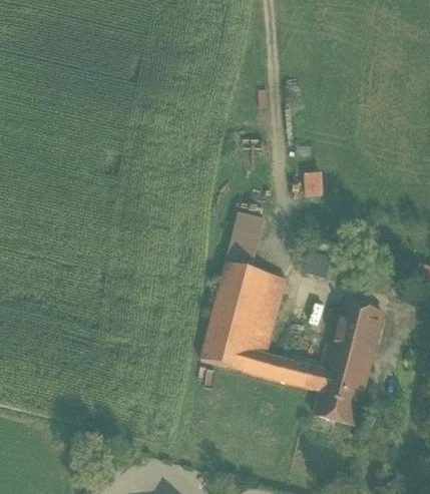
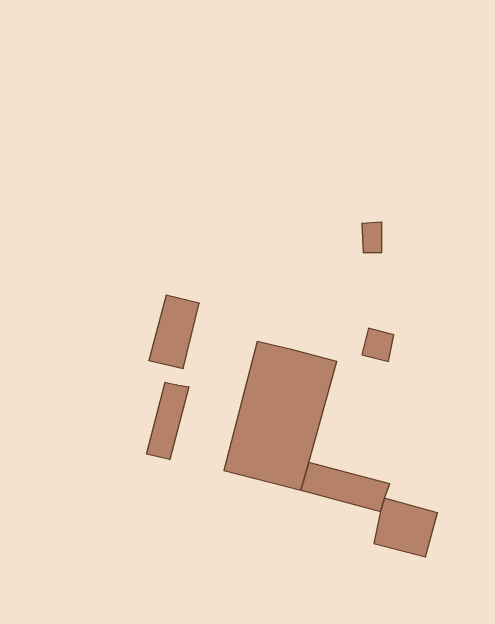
building: [227,212,265,268] -> [149,295,199,368]
building: none -> [147,382,189,460]
building: [323,302,383,391] -> none

